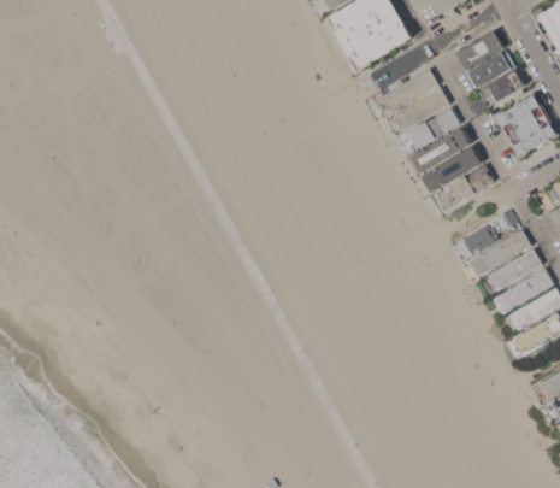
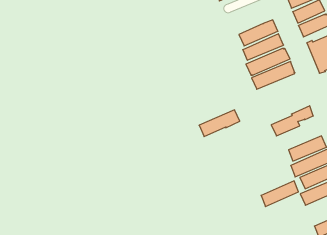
building: [382,69,440,111] -> none
building: [435,165,494,210] -> [199,110,240,137]
building: [476,229,530,272] -> [261,181,298,207]

